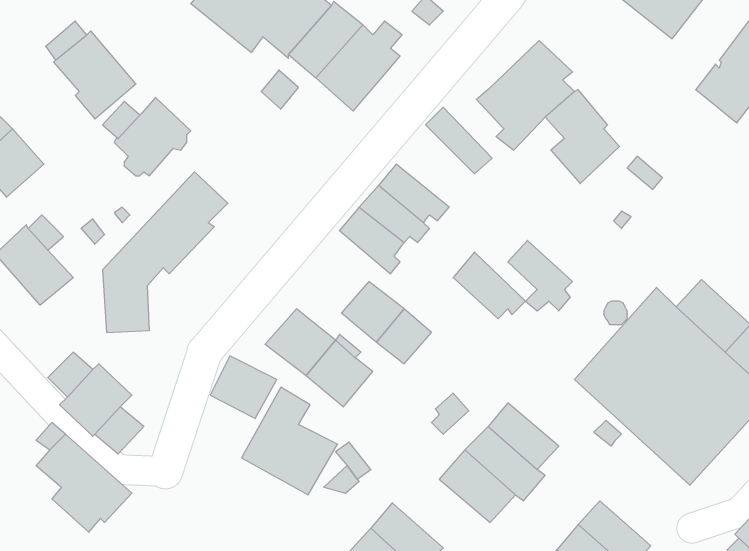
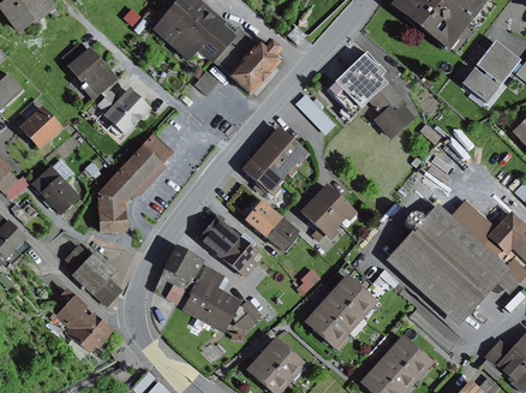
building: [508,240,572,311] -> [300,197,340,240]
building: none -> [154,269,189,304]

